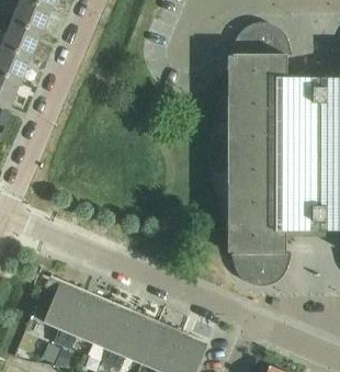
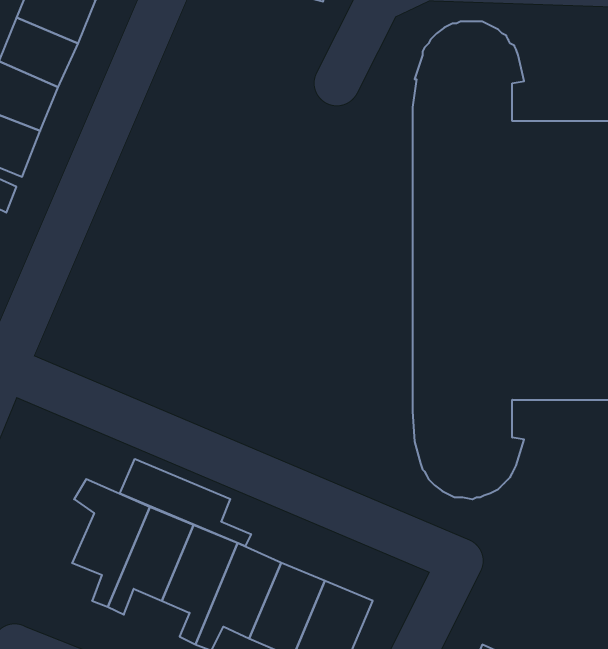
building: none -> [120,459,251,546]

